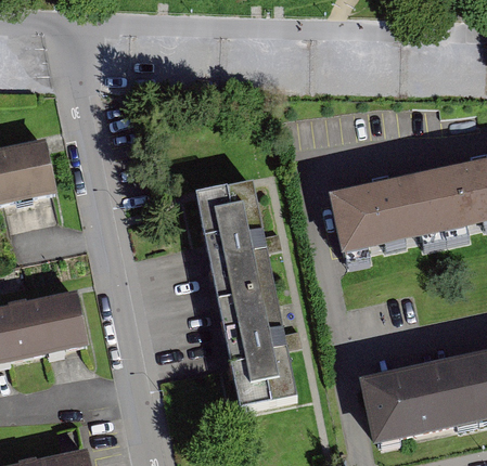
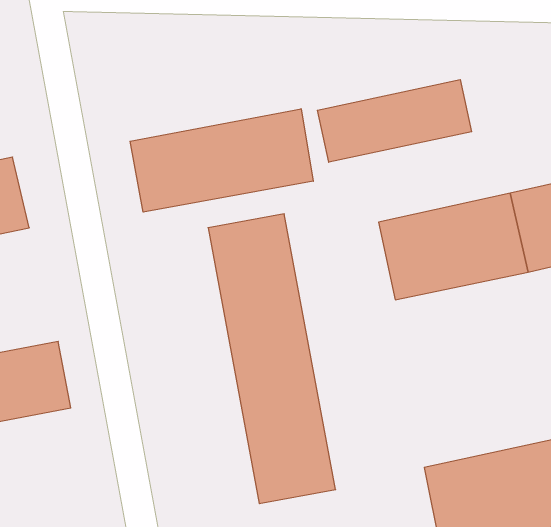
building: none -> [317,80,472,162]
building: none -> [130,109,313,212]

